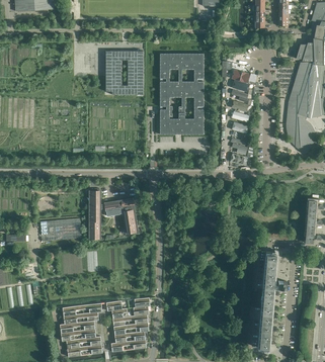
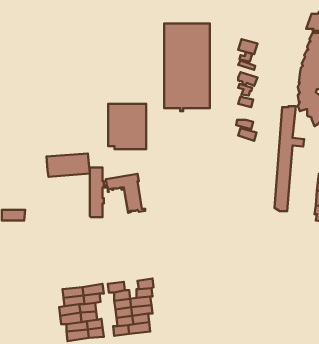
building: [105,51,142,94] -> [108,104,146,149]
building: [39,218,81,241] -> [46,153,90,177]
building: [257,250,286,350] -> [275,106,304,211]

